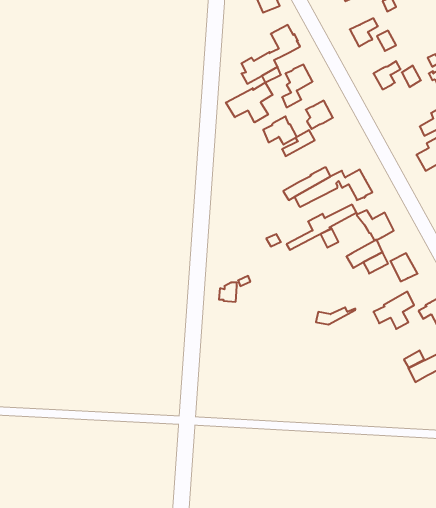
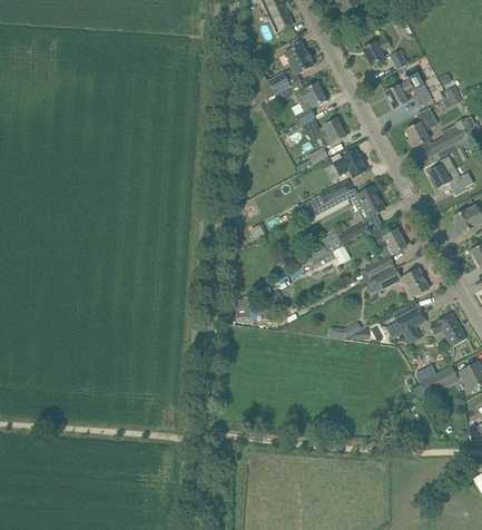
building: [226,83,273,122] -> none
building: none -> [405,107,436,146]
building: [263,116,297,145] -> [333,149,366,177]

